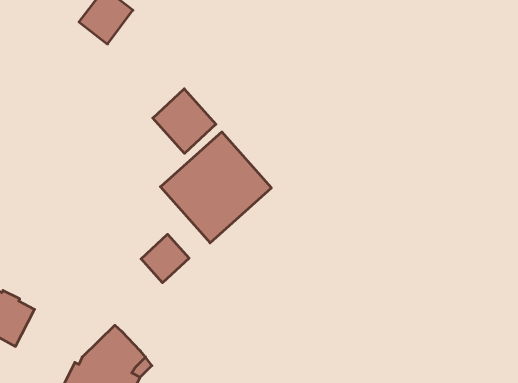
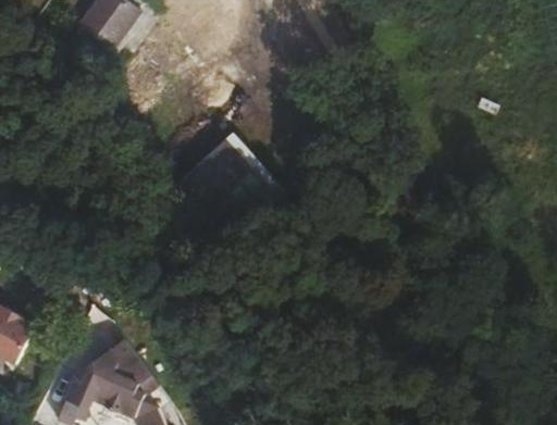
building: [153,89,216,153] -> none
building: [141,234,189,283] -> none

